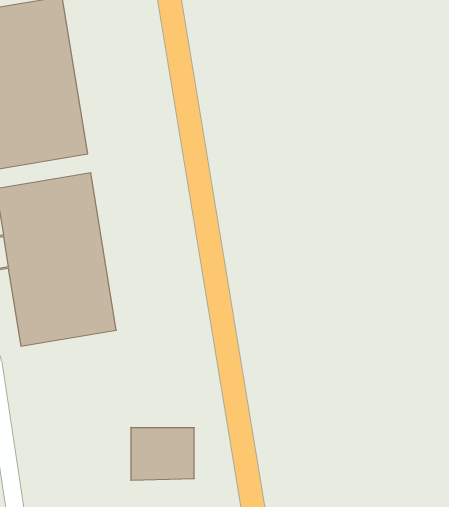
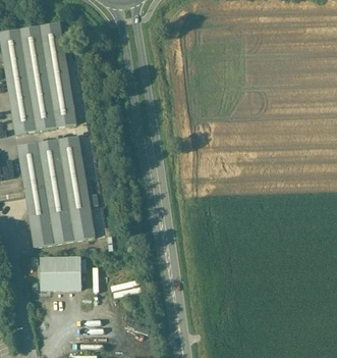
building: [131,428,194,480] -> [40,257,80,291]

